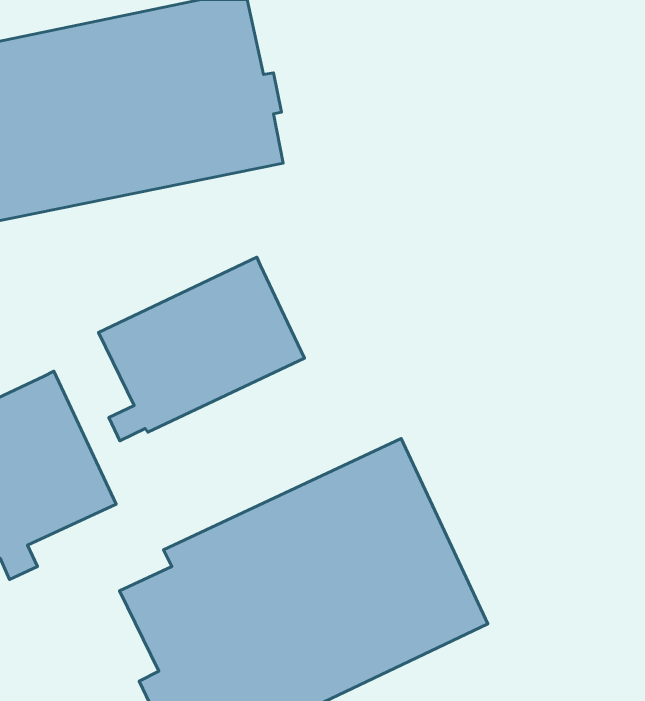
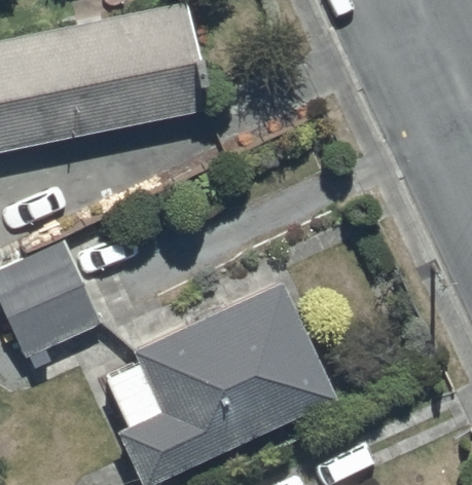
building: [99,257,305,441] -> none

